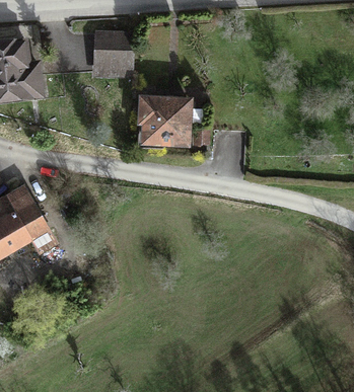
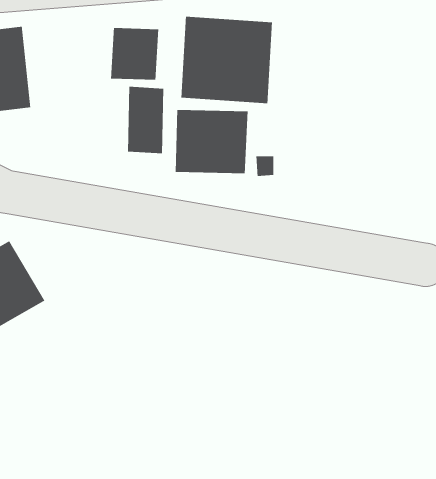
building: none -> [180,16,273,104]
building: none -> [127,86,164,154]

